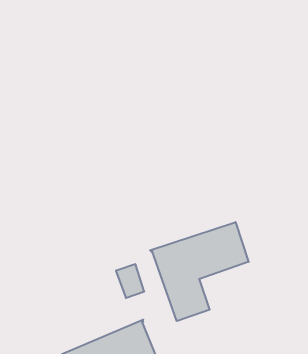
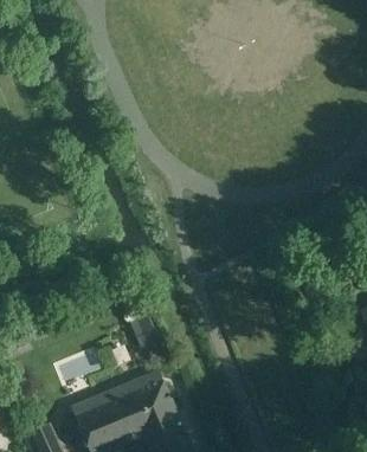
building: [150,222,249,321] -> none

